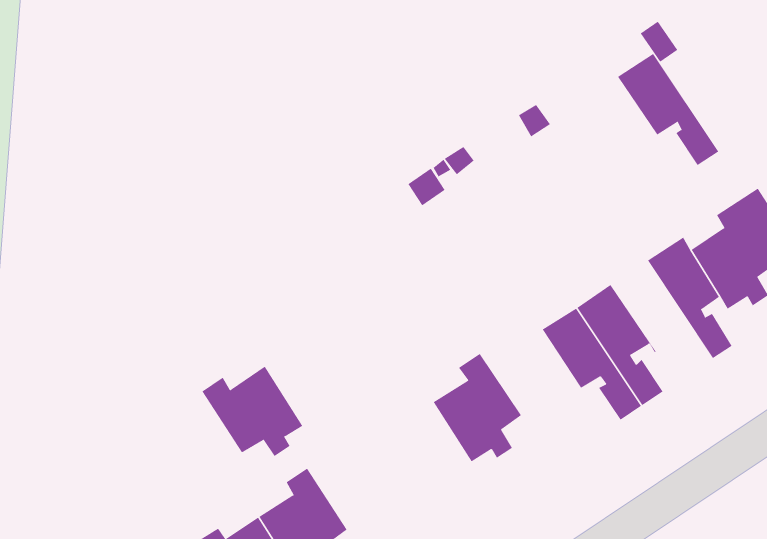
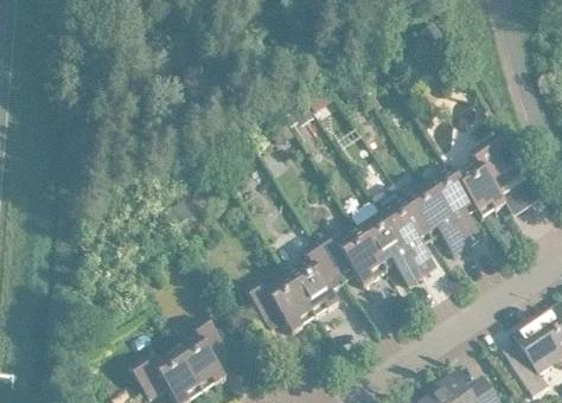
building: [617,53,719,166] -> [403,180,470,254]
building: none -> [318,225,388,286]
building: [201,366,303,457] -> [245,273,312,332]

